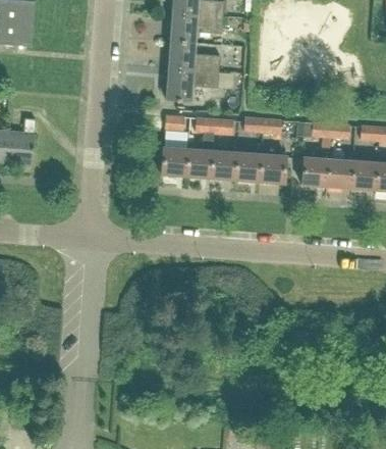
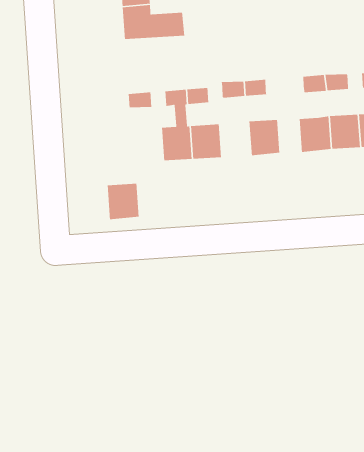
building: [166,70,219,101] -> none
building: [161,145,188,176] -> [107,183,140,220]
building: [235,151,262,182] -> none

